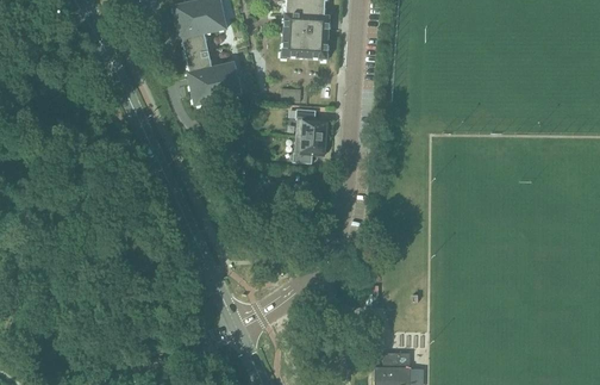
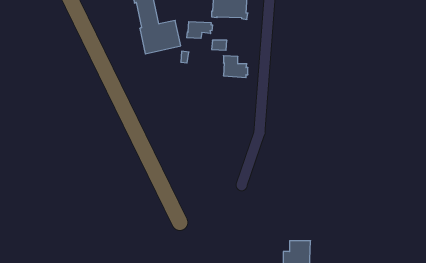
building: none -> [187,22,213,38]
building: [293,133,327,162] -> none

